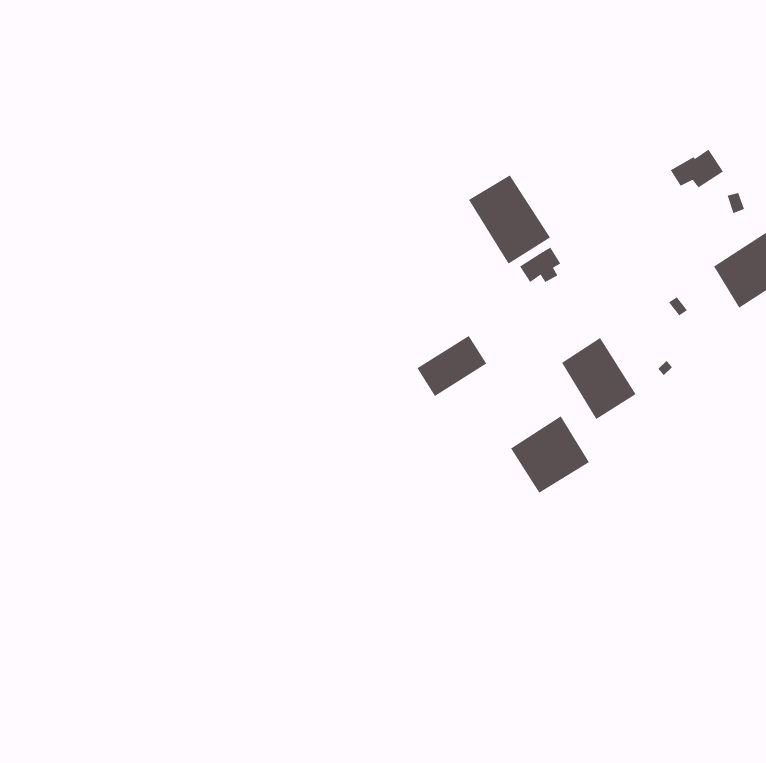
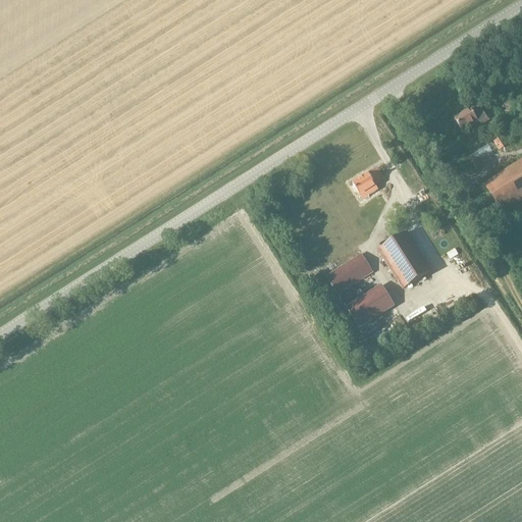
building: [468,174,551,264] -> none
building: [416,335,487,397] -> [327,250,375,292]

